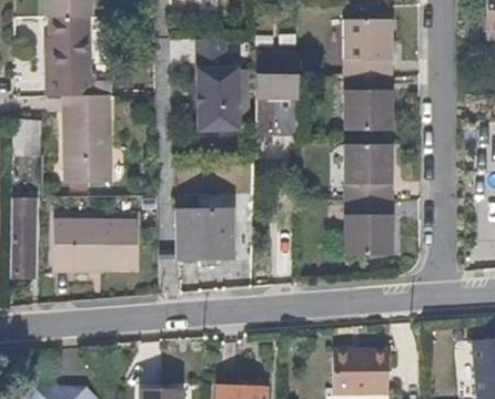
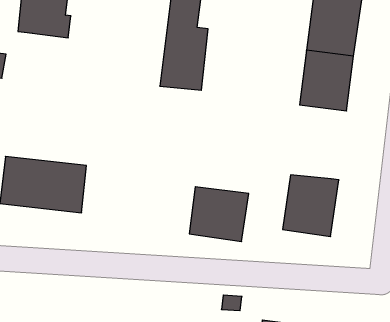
building: [256,74,300,132] -> none
building: [64,93,112,181] -> none
building: [341,146,390,202] -> none
building: [179,212,233,260] -> [189,187,249,242]

